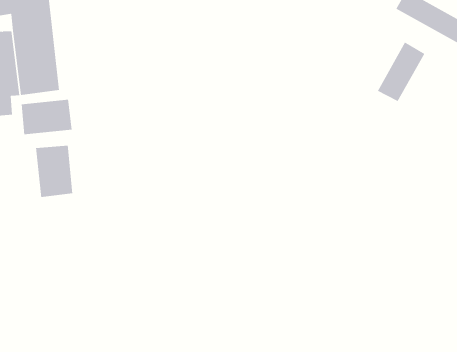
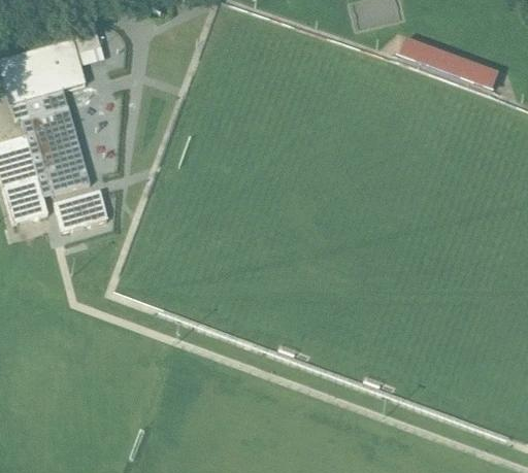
building: [377,42,425,102] -> none
building: [36,145,73,198] -> none

